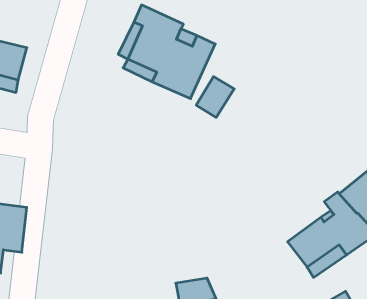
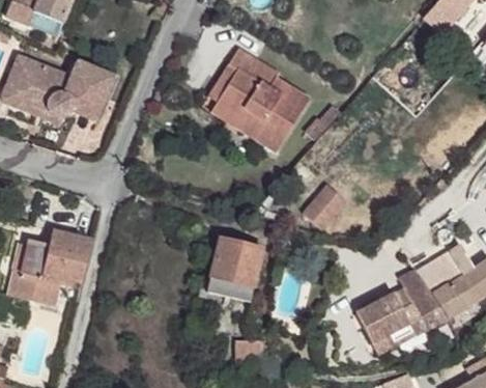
building: [196,77,234,117] -> [304,185,345,227]
building: none -> [206,238,262,301]

